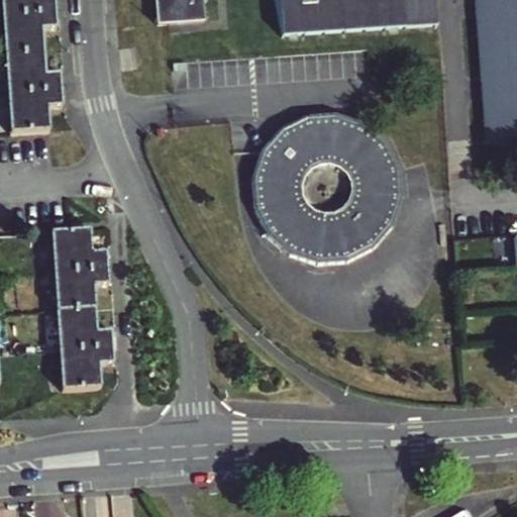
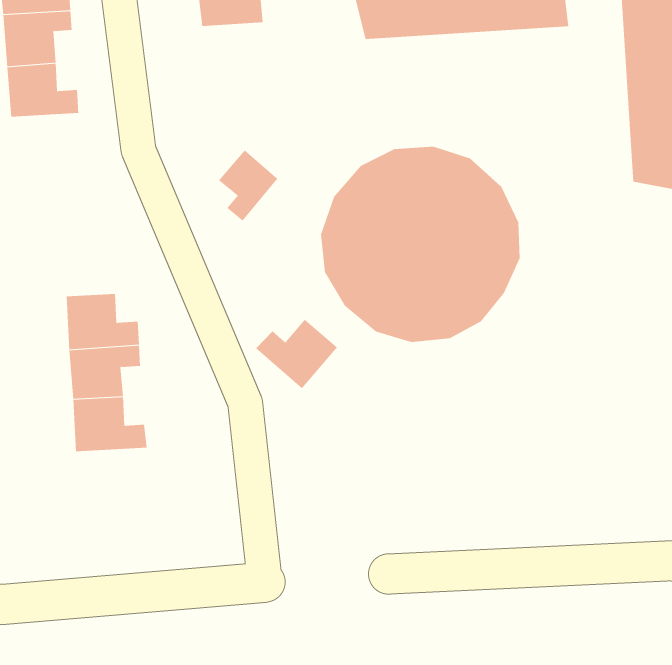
building: [9,87,62,129] -> none
building: none -> [218,150,278,222]
building: none -> [255,319,338,389]
building: [59,343,114,387] -> none

